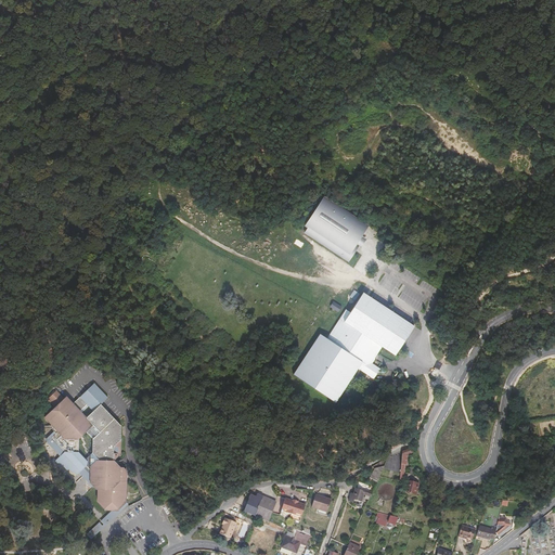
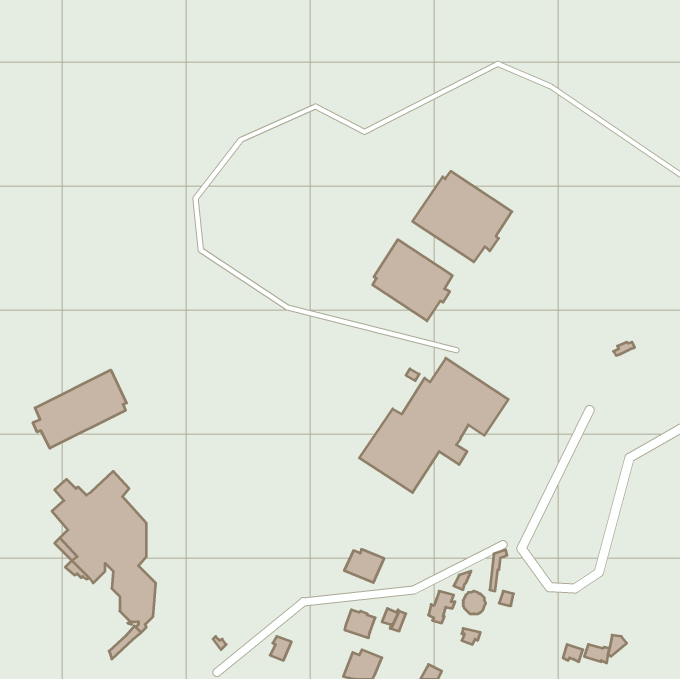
building: none -> [413,171,512,262]
building: none -> [33,370,127,448]
building: [244,493,276,520] -> [344,549,384,583]

